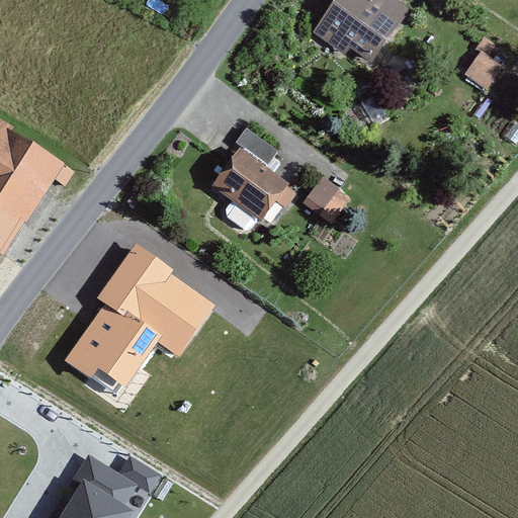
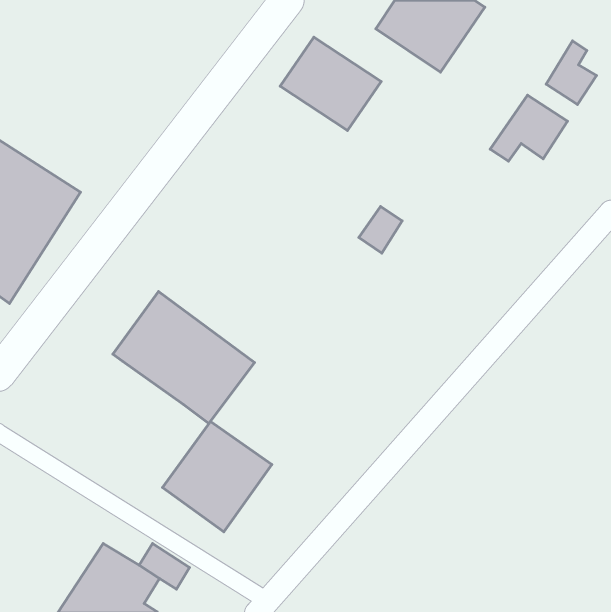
building: none -> [490,95,567,161]
building: [208,144,293,223] -> [280,37,381,131]
building: [63,306,155,399] -> [163,421,272,532]

